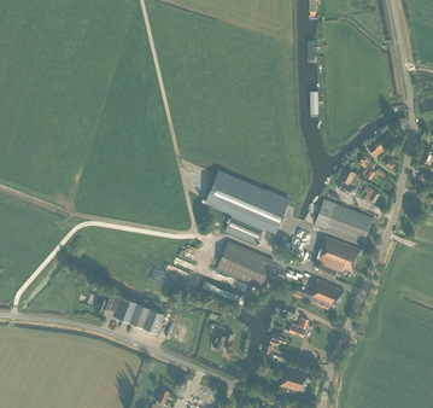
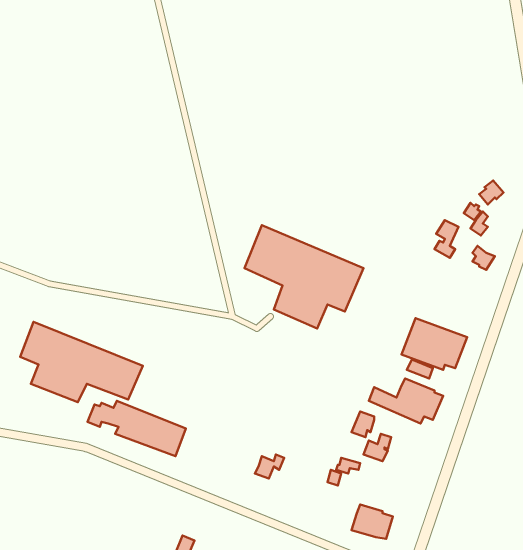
building: [315,199,373,243] -> none
building: none -> [20,322,143,402]
building: [216,241,273,287] -> none

